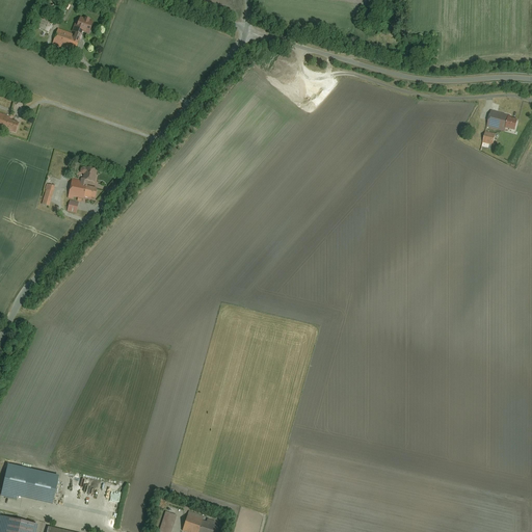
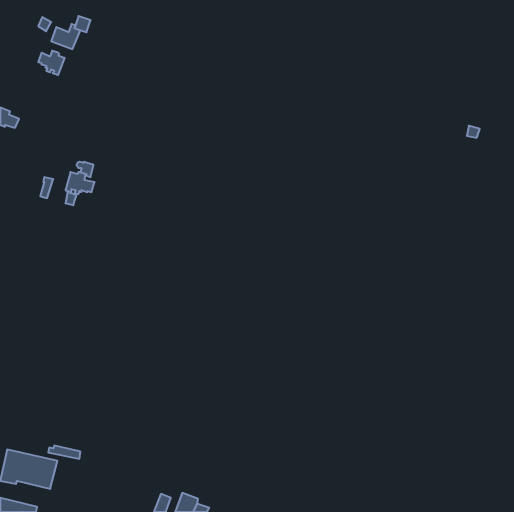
building: none -> [38,51,65,75]
building: [485,109,516,131] -> none

